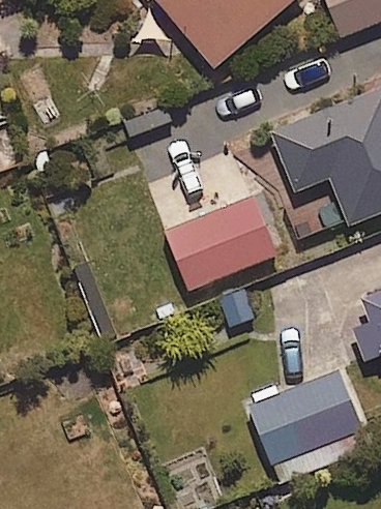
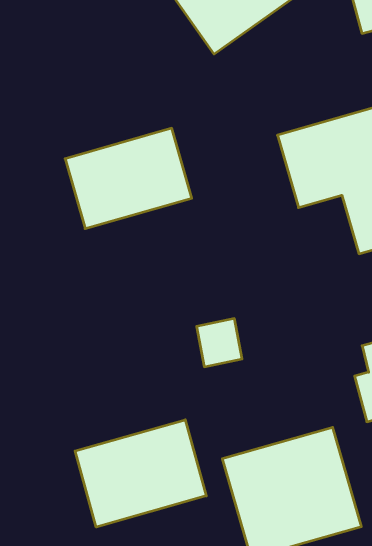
building: [167,198,275,288] -> [65,128,192,229]
building: none -> [75,420,206,527]

